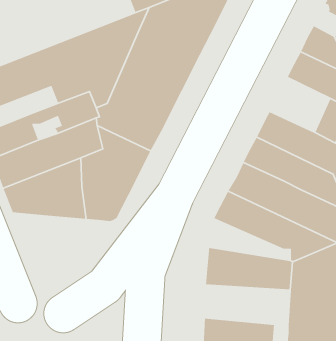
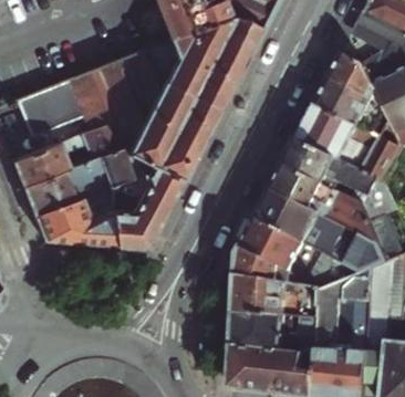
building: none -> [298,103,359,158]
building: none -> [237,244,319,286]
building: none -> [232,311,319,352]

